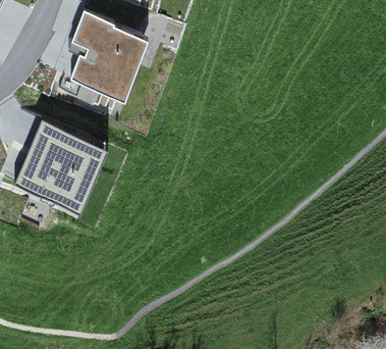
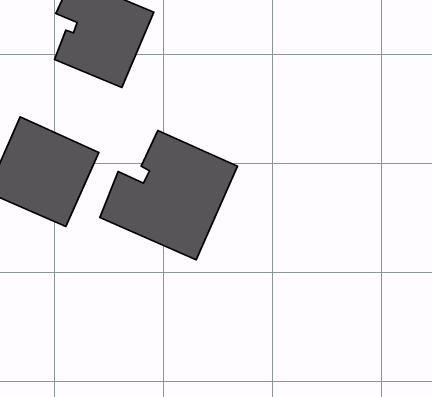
building: none -> [100,130,237,260]

